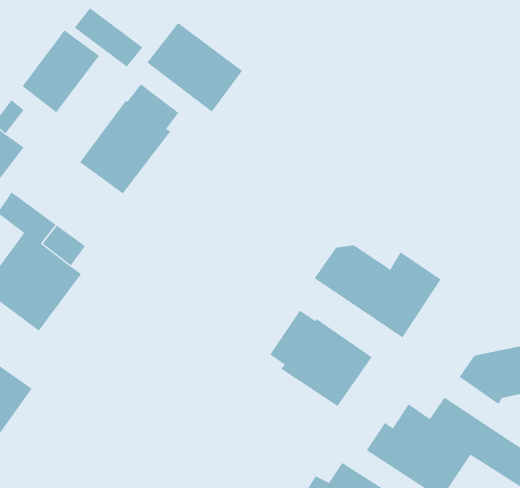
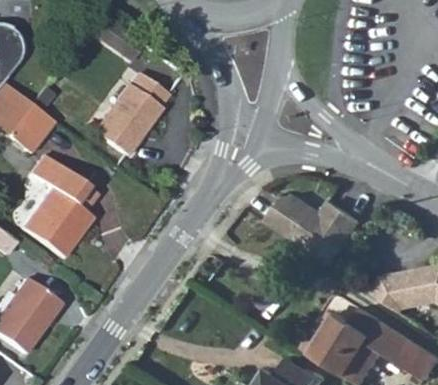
building: [146,22,243,112] -> none
building: [22,29,100,113] -> none
building: [269,310,372,407] -> none

